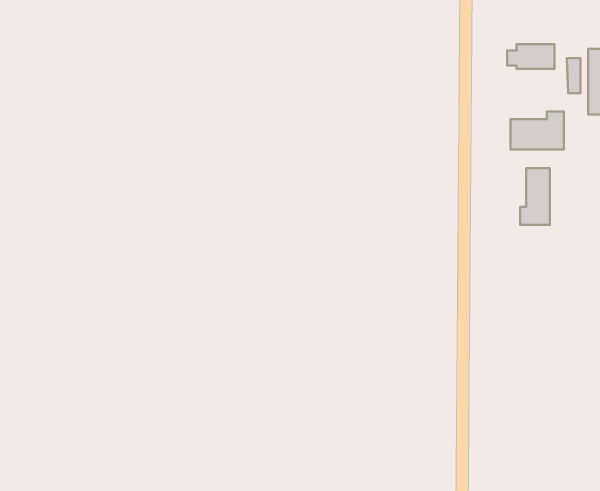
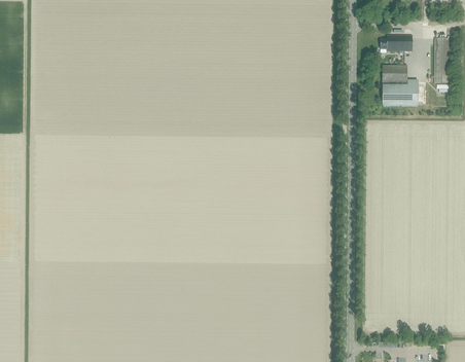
building: none -> [383,65,406,84]
building: [520,168,550,225] -> none

